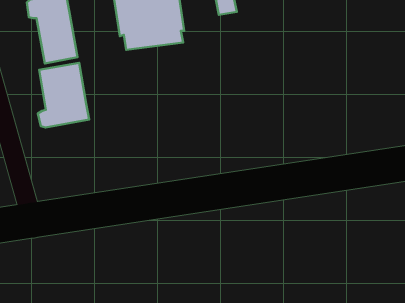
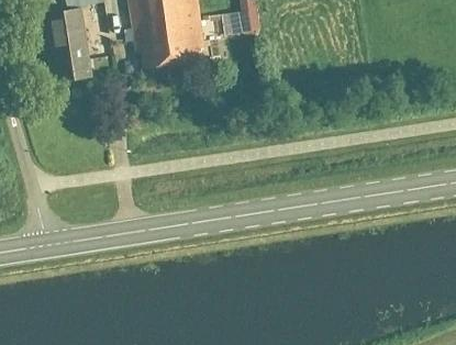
building: [38,63,89,128] -> none

